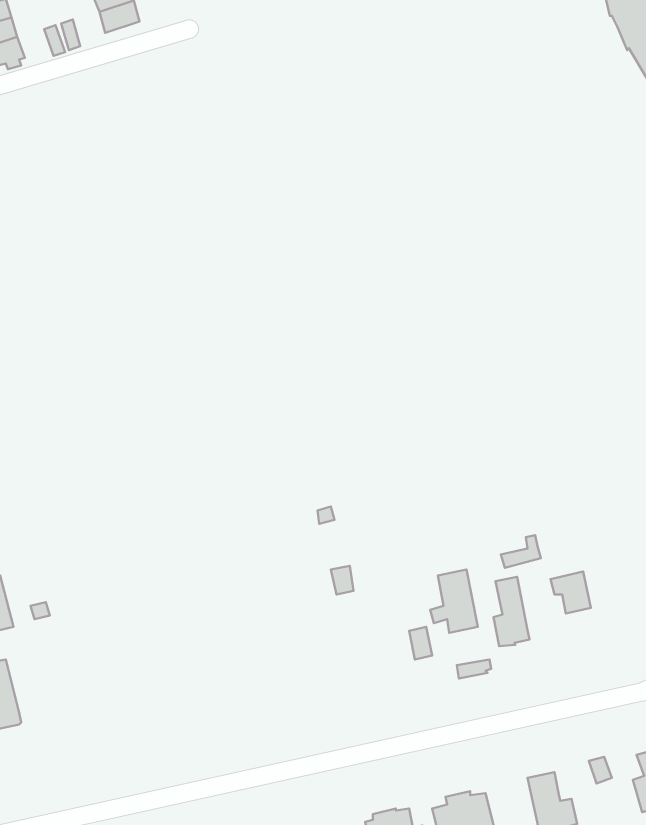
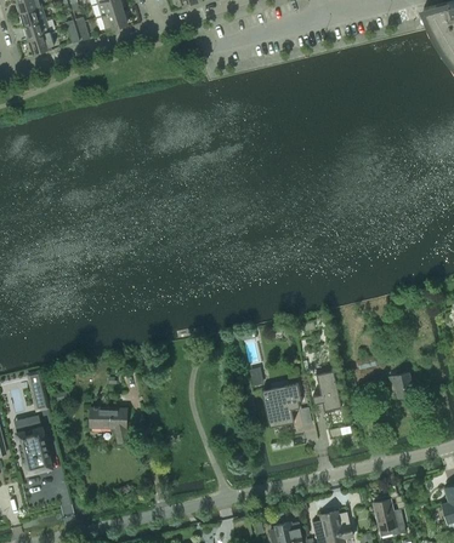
building: [494,577,530,646] -> none
building: none -> [262,382,302,427]
building: none -> [90,407,129,442]

